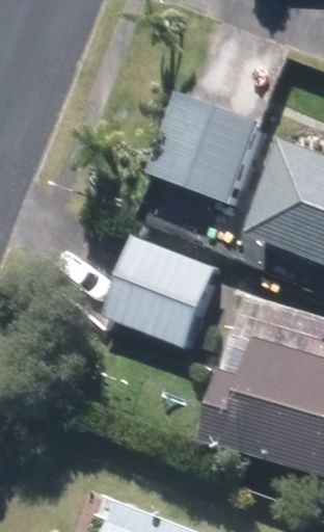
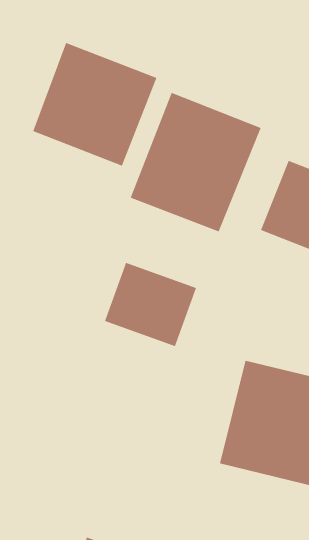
building: none -> [32,42,157,167]

